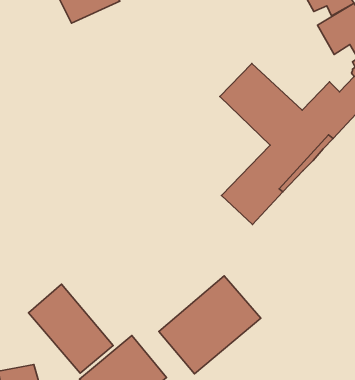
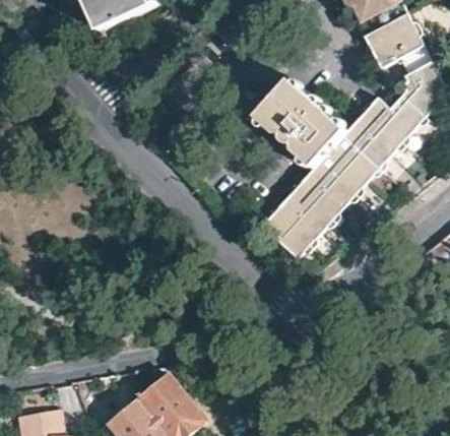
building: [159,276,261,374] -> none
building: [29,284,113,373] -> none

